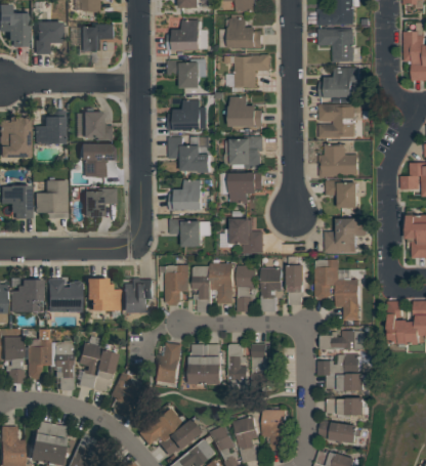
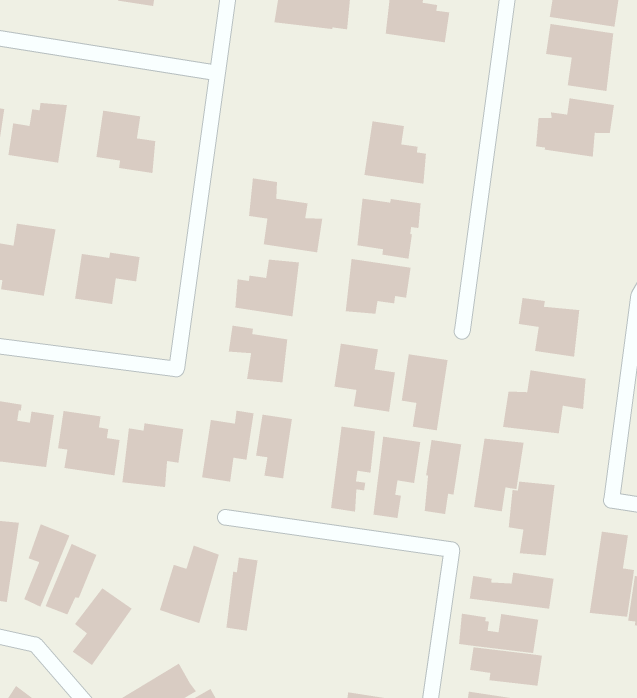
building: [235,54,270,87] -> none
building: [168,58,201,88] -> none
building: [168,98,202,130] -> none
building: [320,102,363,136] -> none
building: [320,142,359,176] -> none
building: [79,143,120,177] -> none
building: [211,262,233,302] -> [401,353,448,431]
building: [204,343,223,384] -> none
building: [230,343,248,390] -> none
building: [253,343,272,386] -> none

